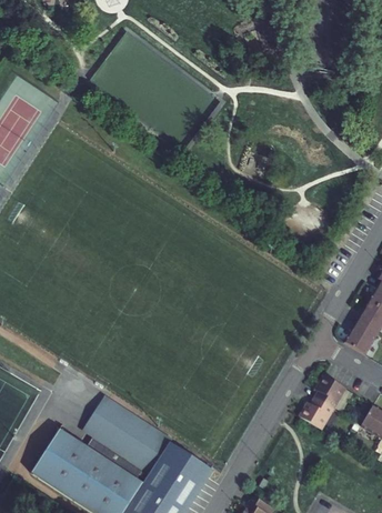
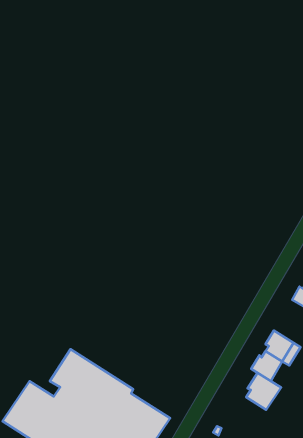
building: none -> [246,373,281,410]

